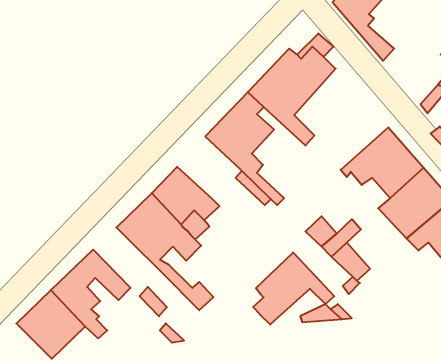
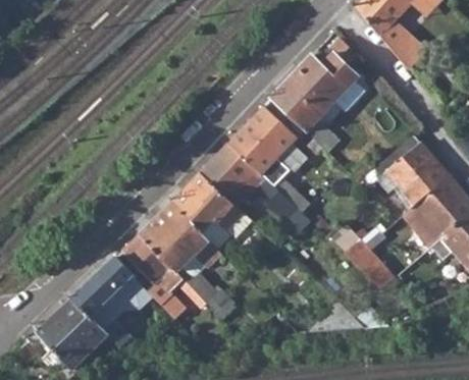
building: none -> [199,143,262,206]
building: none -> [120,234,196,297]
building: [253,252,334,325] -> none

